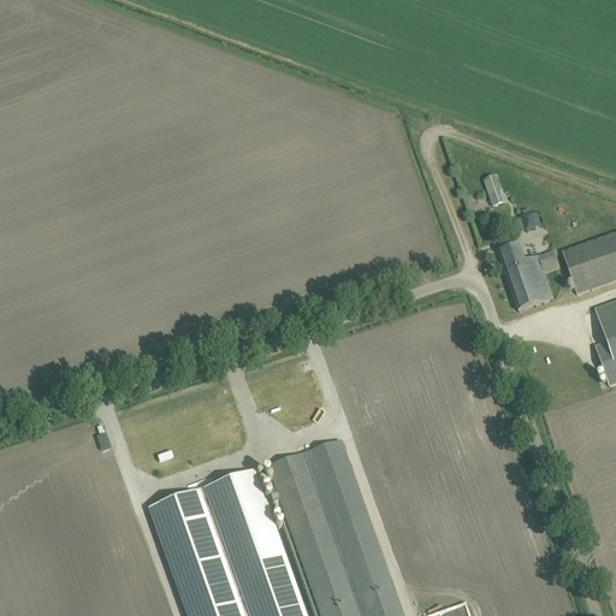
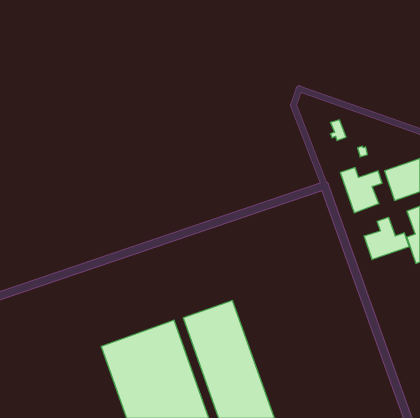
building: none -> [364,217,409,260]

